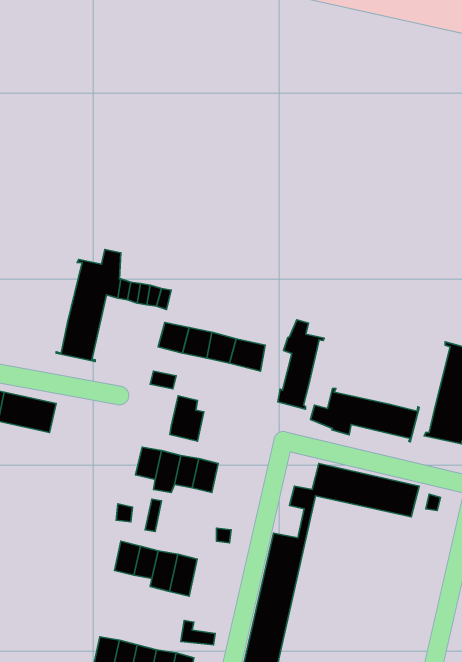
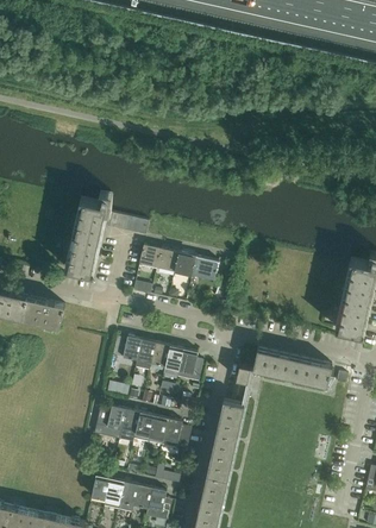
building: [278,320,324,409] -> none
building: [311,388,419,442] -> none
building: [170,396,204,441] -> [176,348,201,382]
building: none -> [161,419,190,452]

